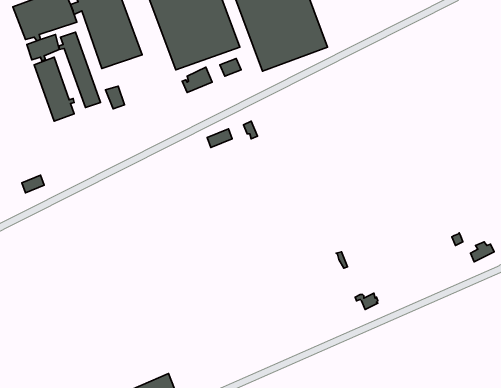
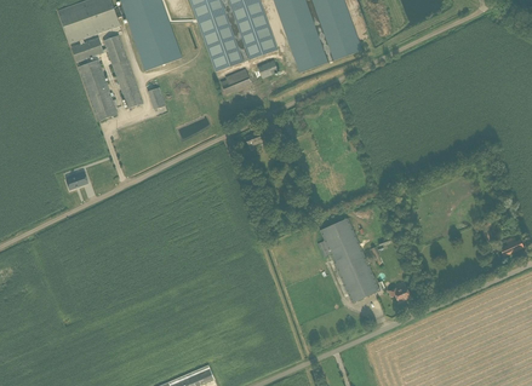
building: none -> [316,217,379,301]

